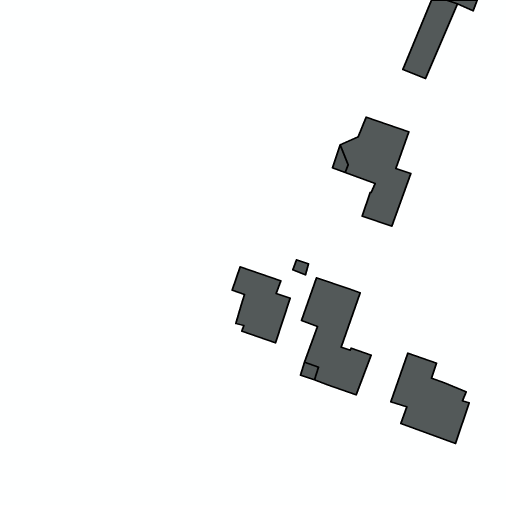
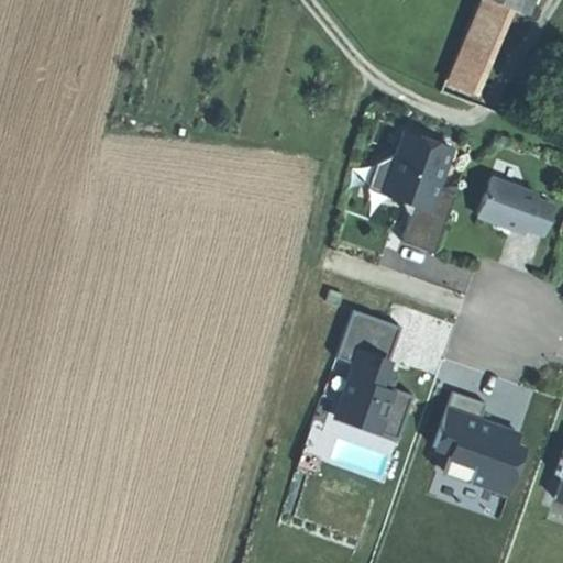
building: none -> [478,178,555,235]
building: [232,267,290,343] -> none

